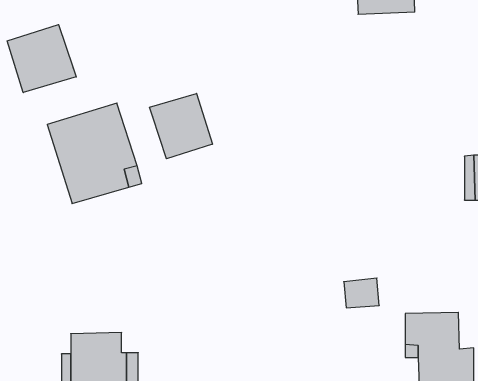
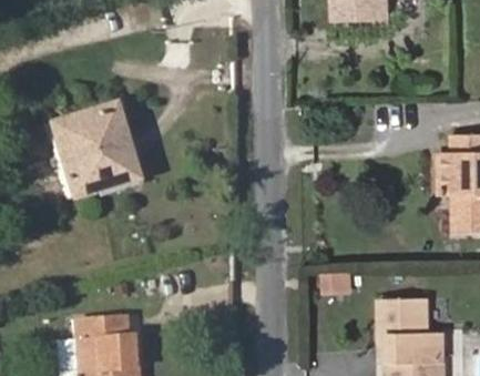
building: [7,25,76,93] -> none
building: [149,93,212,159] -> none

